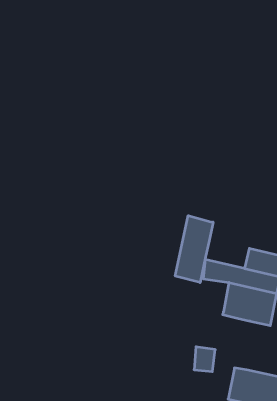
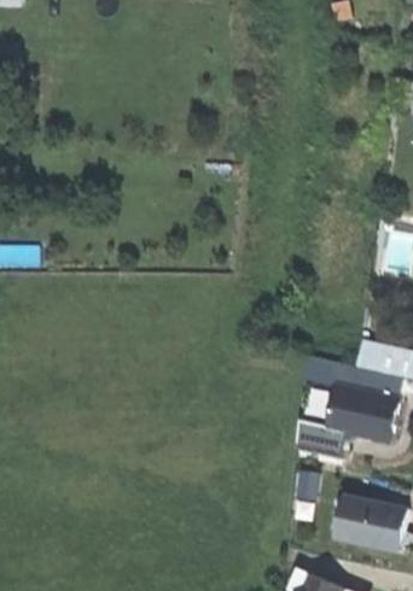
building: [175,216,213,283] -> none
building: none -> [293,417,345,458]

